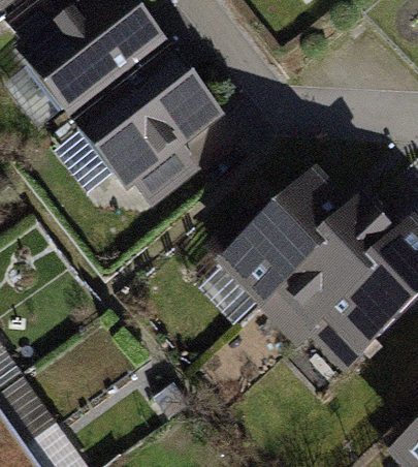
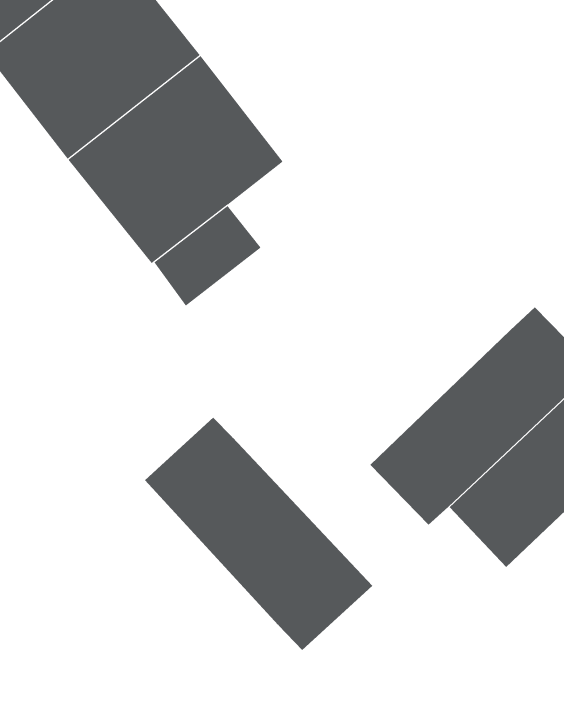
building: [214,183,349,303] -> none
building: none -> [144,417,373,651]

